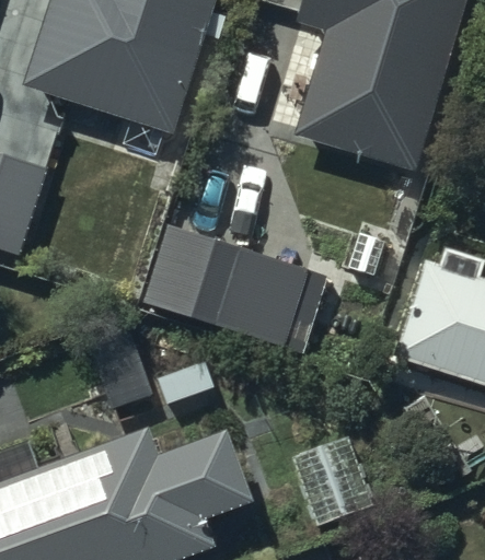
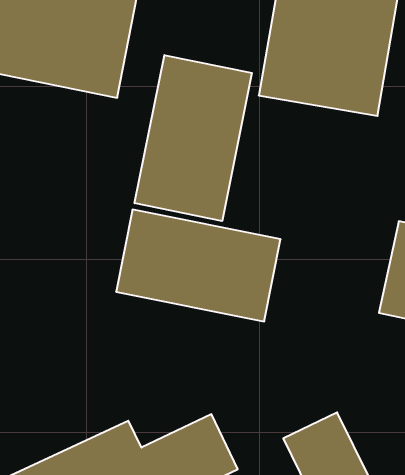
building: none -> [135,55,252,221]

